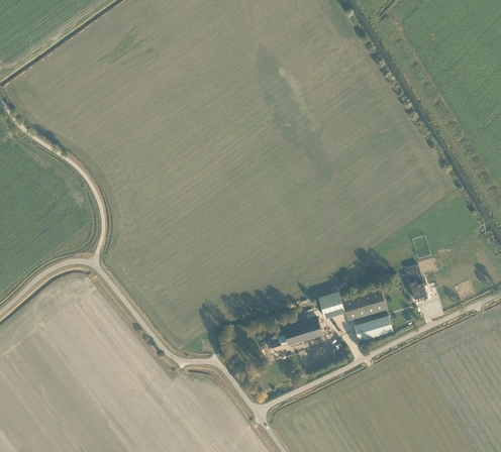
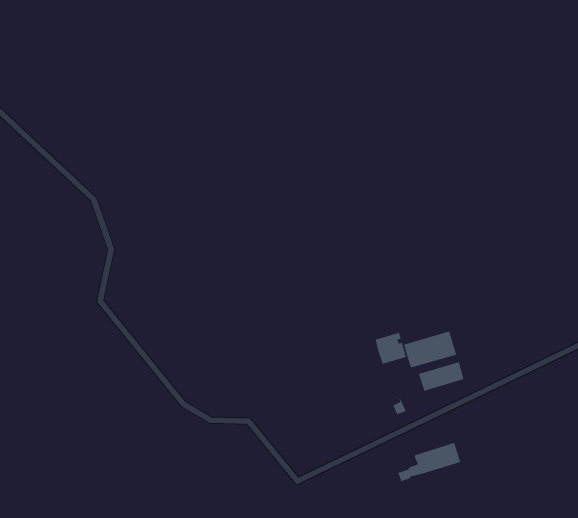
building: [405,265,427,302] -> none
building: [270,319,322,352] -> [397,442,461,482]

